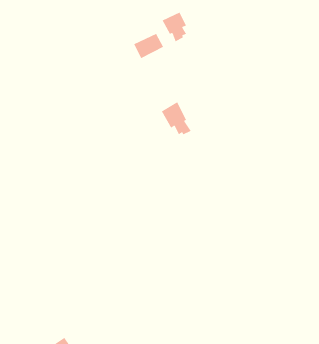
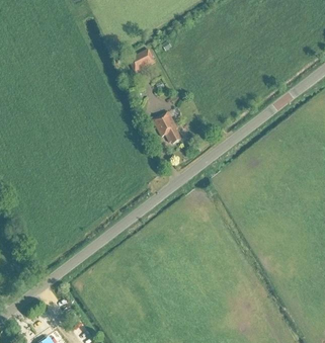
building: [161,11,187,43] -> none

